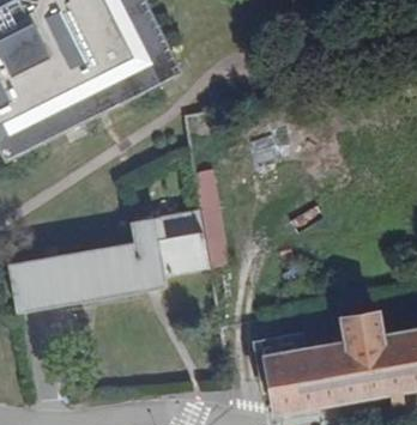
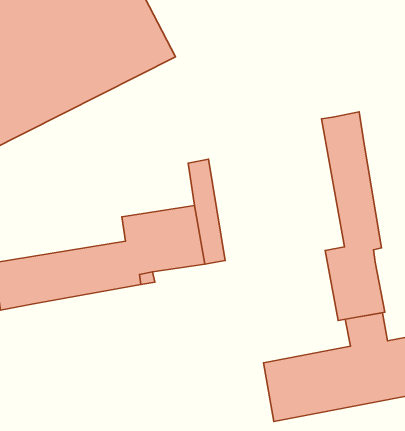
building: none -> [321,112,385,320]

